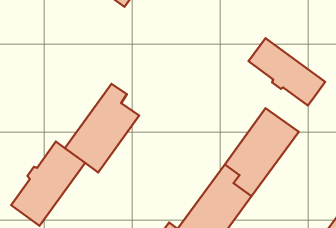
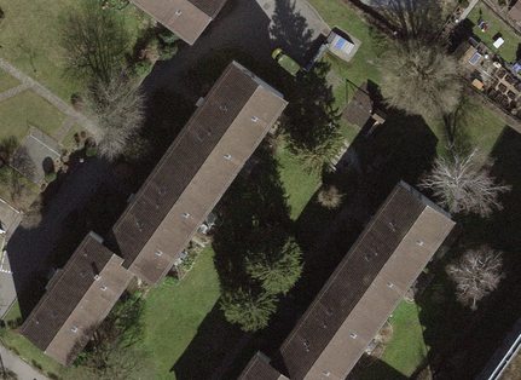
building: none -> [174,64,284,196]
building: [248,38,325,106] -> none

